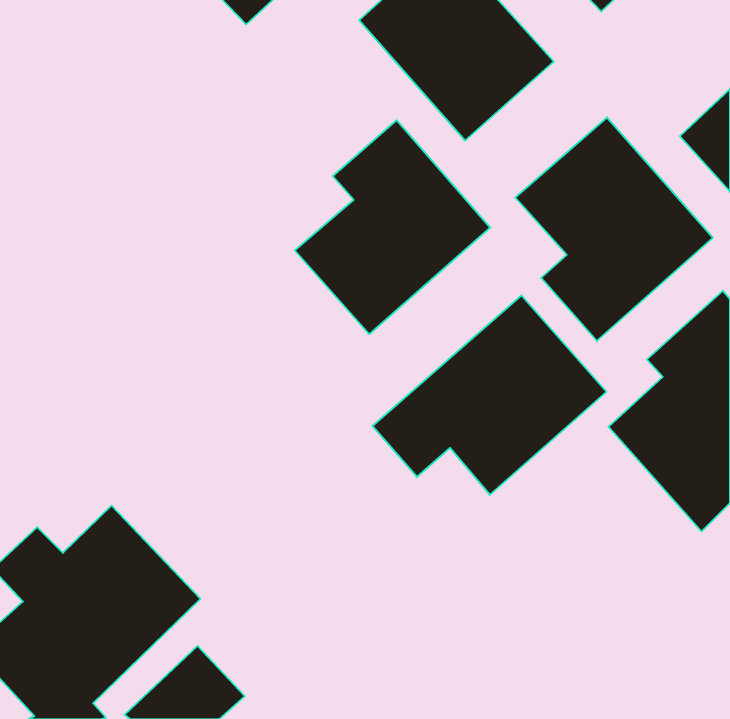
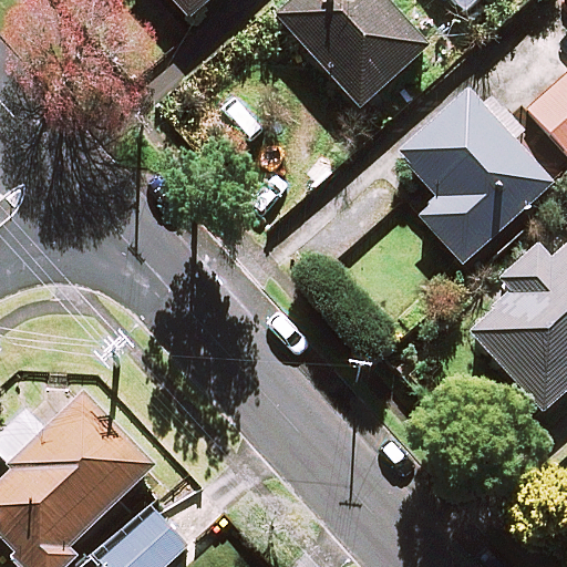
building: [295,120,490,334] -> none
building: [372,295,606,495] -> none

